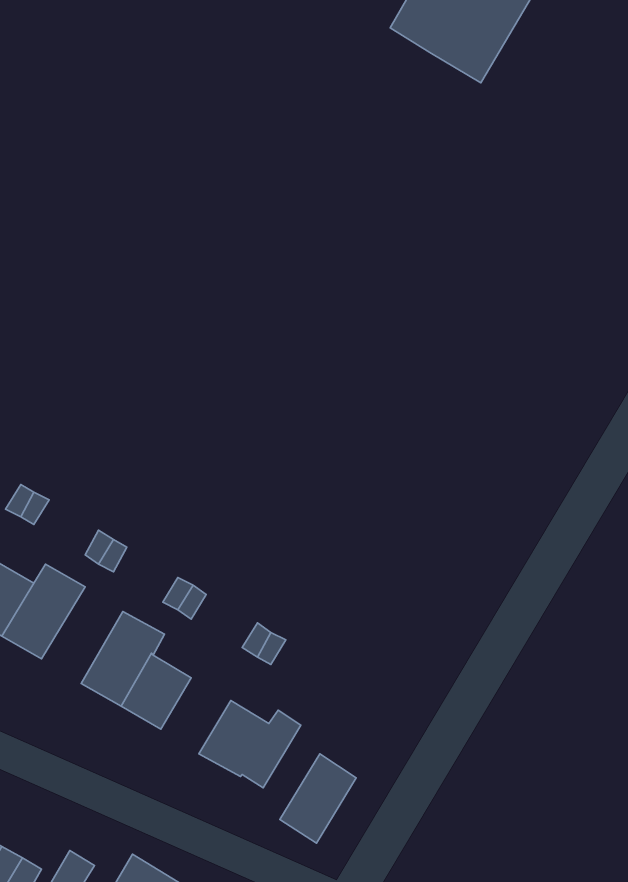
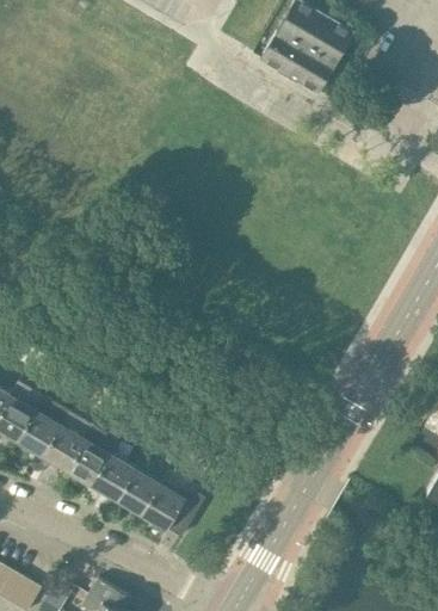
building: none -> [41,412,92,473]
building: none -> [116,469,160,517]
building: [280,754,356,843] -> none

